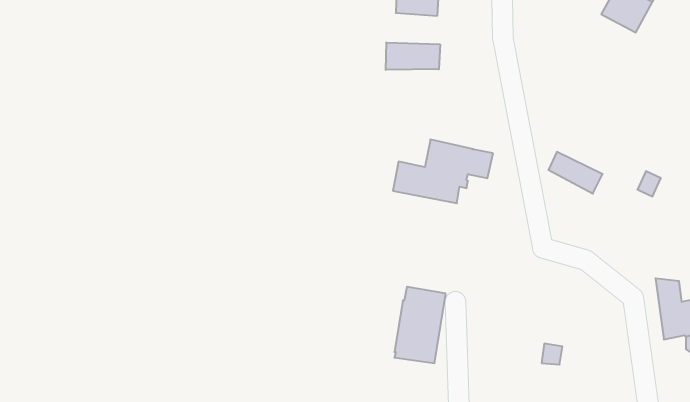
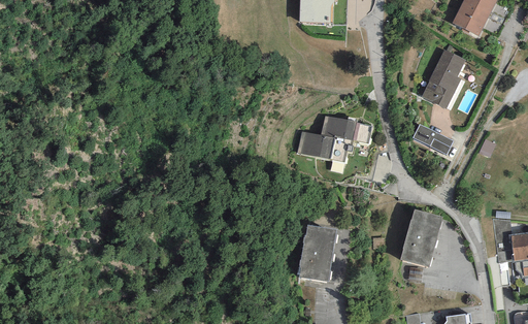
building: [386,42,440,70] -> none
building: none -> [421,50,465,108]
building: none -> [400,208,442,266]

